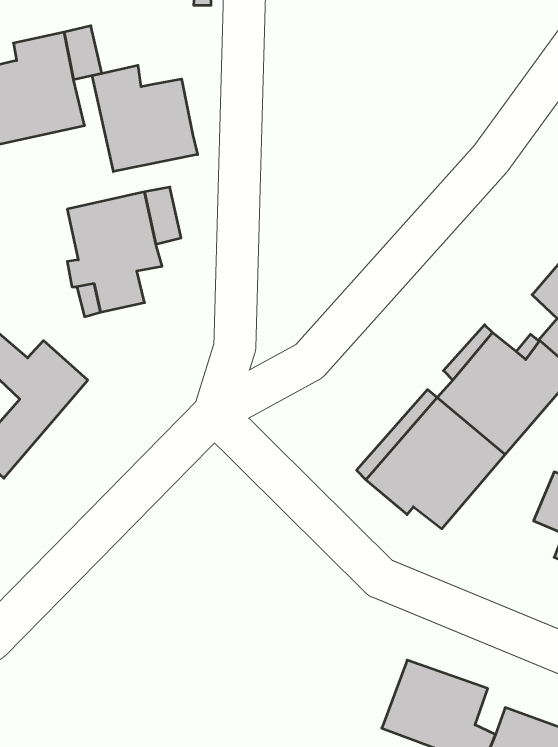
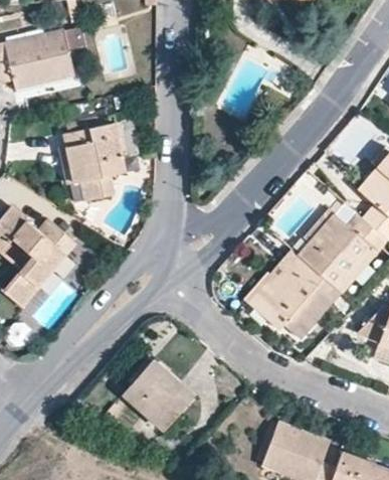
building: [92,65,198,172] -> none
building: none -> [124,359,195,431]

